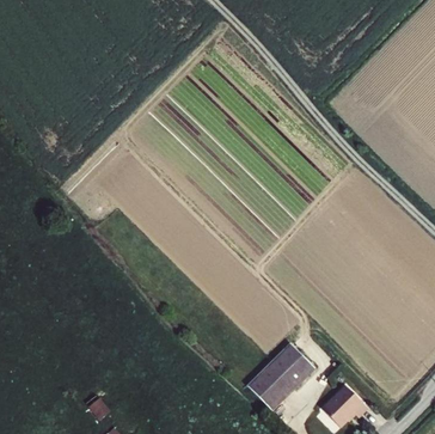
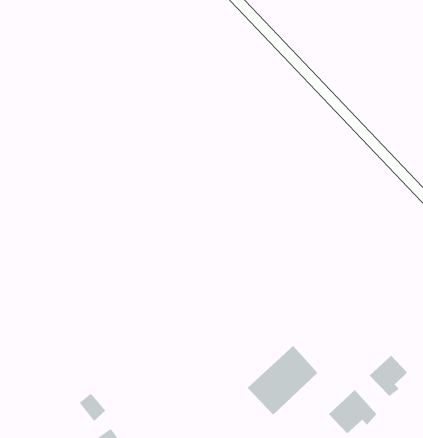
building: none -> [369,355,408,397]

